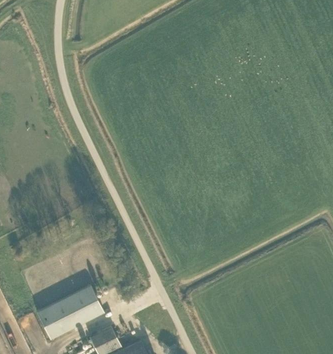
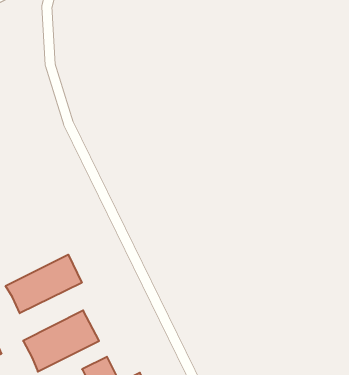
building: none -> [6,255,82,313]

